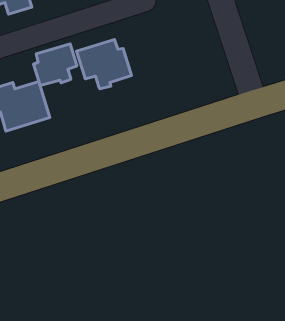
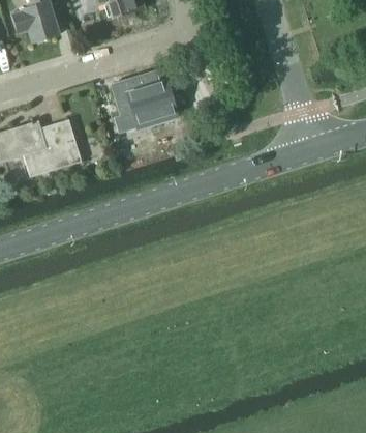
building: [34,44,77,86] -> none

